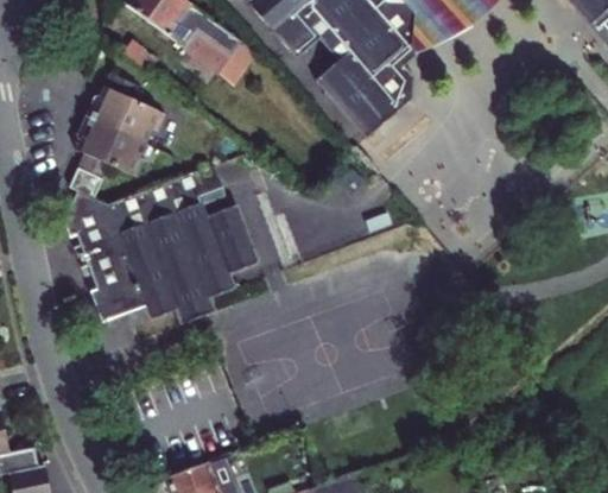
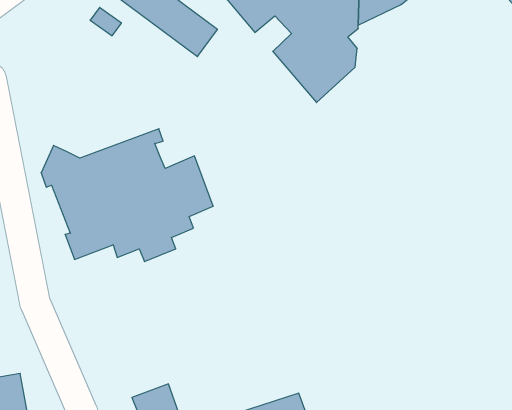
building: [65,68,158,196] -> none

